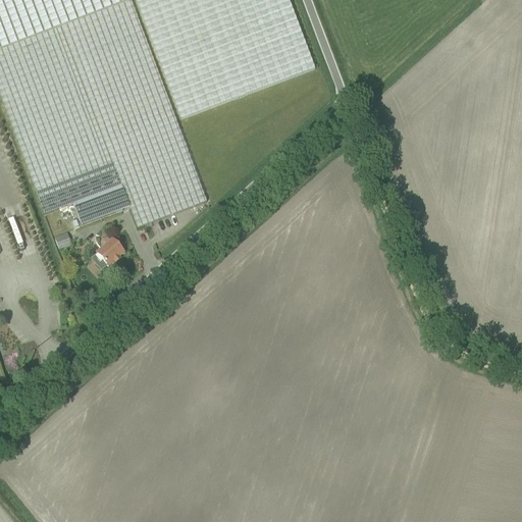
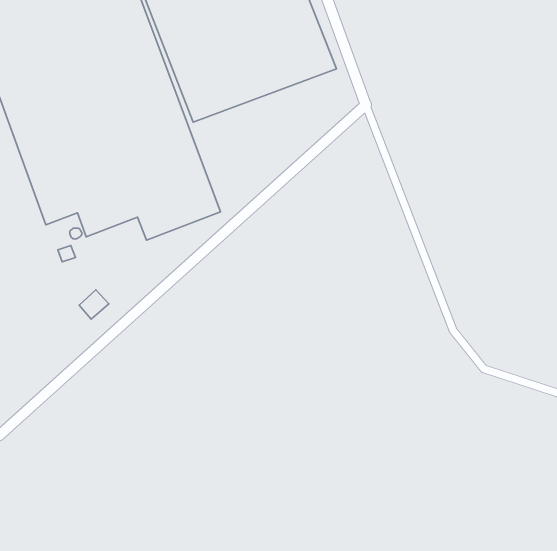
building: [96,234,123,262] -> [79,290,109,319]

